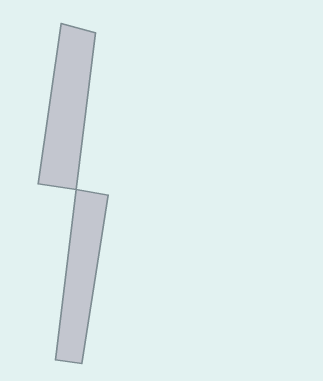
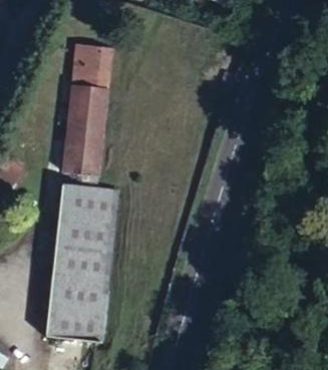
building: none -> [41,183,94,338]

